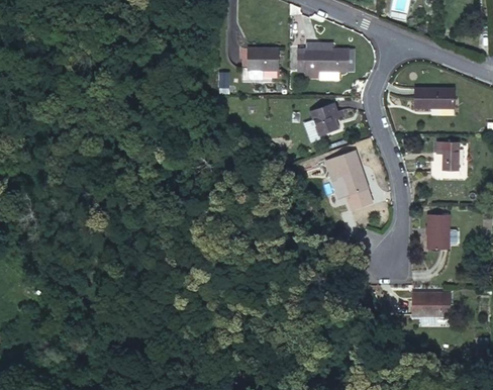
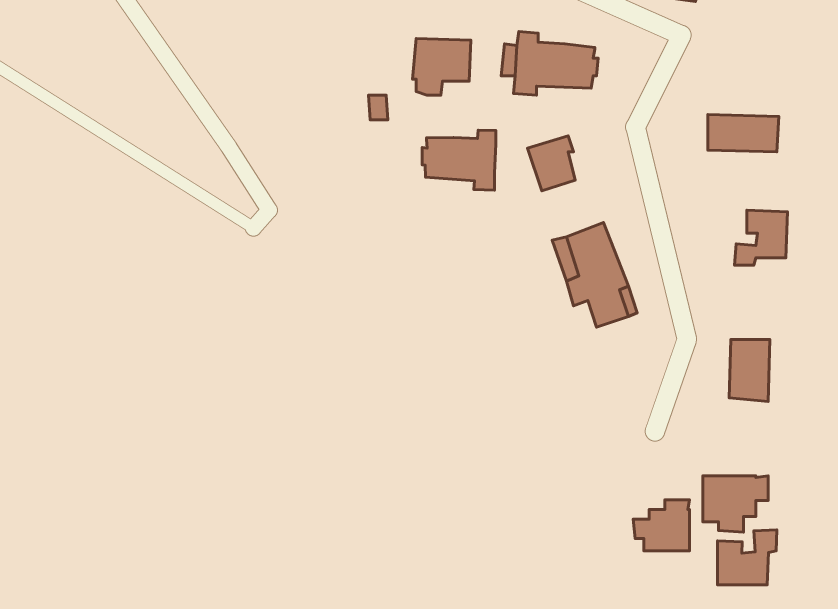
building: none -> [422,130,496,190]
building: none -> [633,500,690,551]
building: none -> [717,530,777,585]

